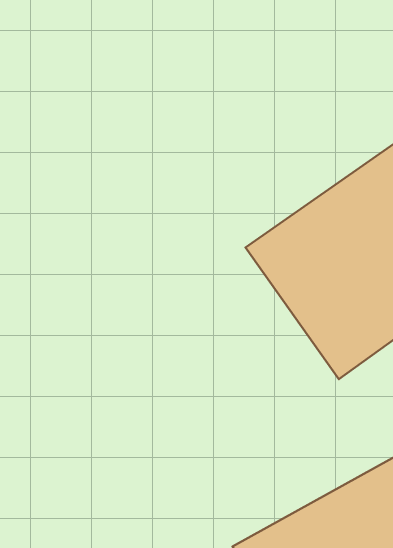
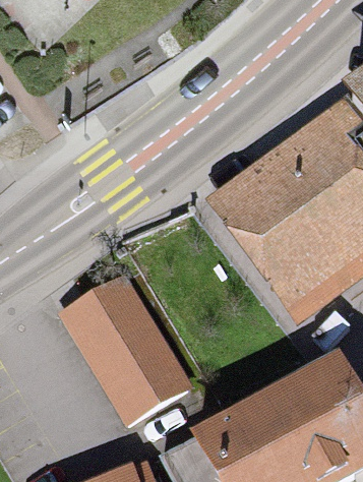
building: none -> [56,274,191,424]

